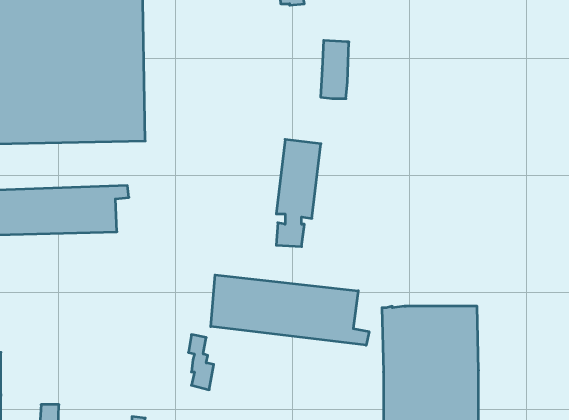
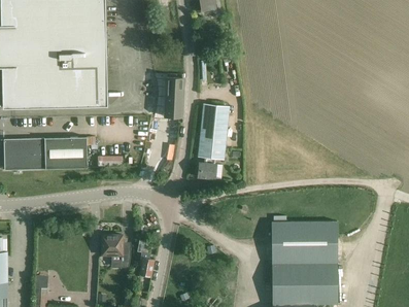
building: [321,40,349,99] -> [165,77,184,117]
building: [211,275,369,345] -> none
building: none -> [101,235,131,267]

